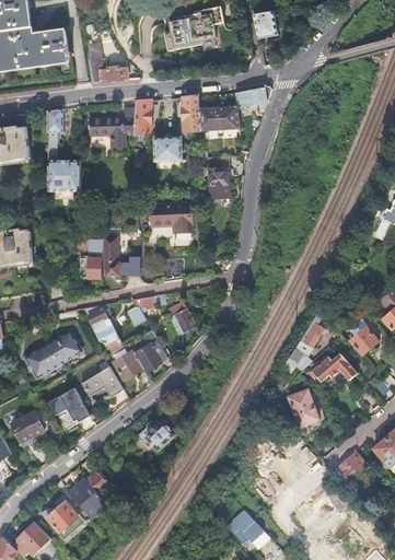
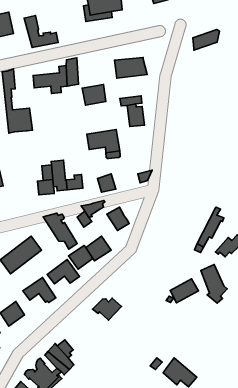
building: [236,86,272,110] -> [193,30,219,50]
building: [183,97,199,133] -> none
building: none -> [170,279,199,303]

